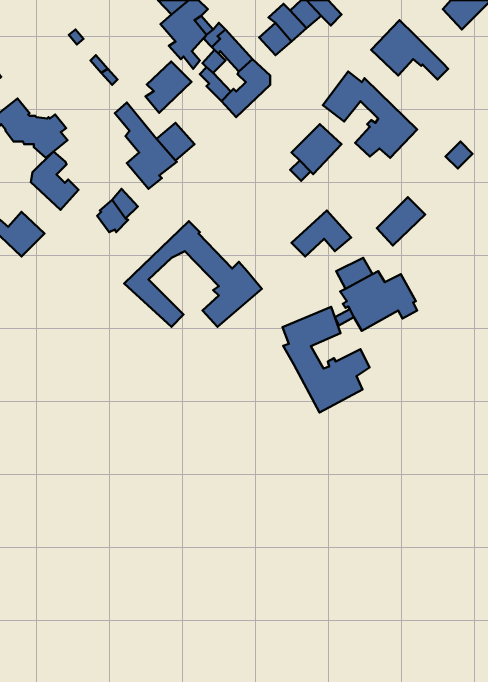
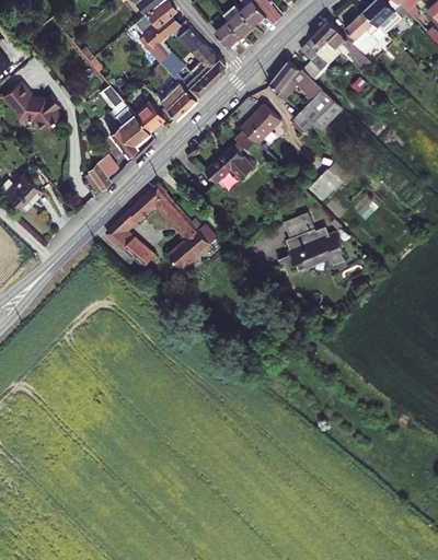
building: none -> [342,11,396,55]
building: none -> [300,44,328,79]
building: [146,61,192,113] -> [158,83,195,125]
building: [31,152,79,210] -> none
building: [292,210,351,256] -> [206,145,254,183]
building: [282,307,369,412] -> none

